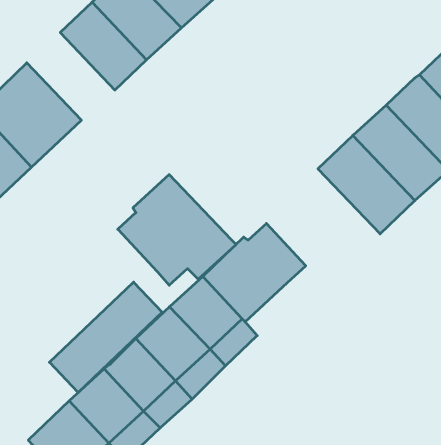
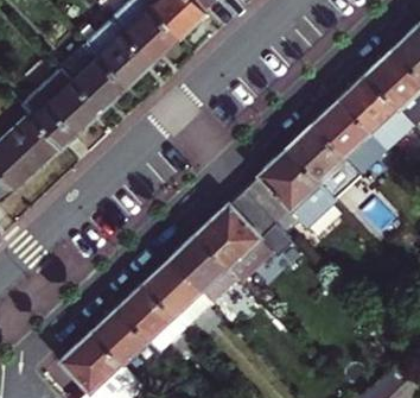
building: none -> [59,40,128,109]
building: [118,175,236,285] -> [247,147,339,234]
building: [49,282,162,393] -> none
building: none -> [230,236,280,285]

